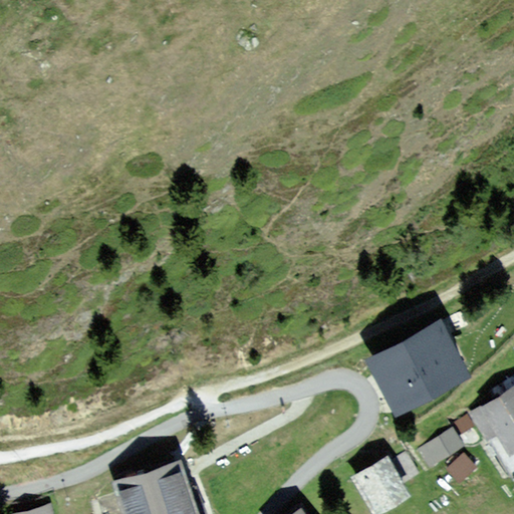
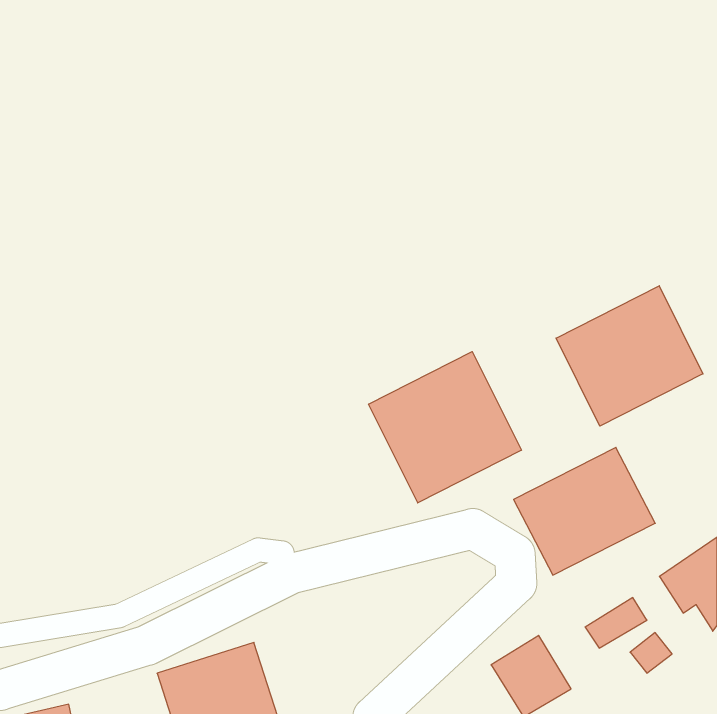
building: none -> [556,286,703,426]
building: none -> [369,352,521,503]

